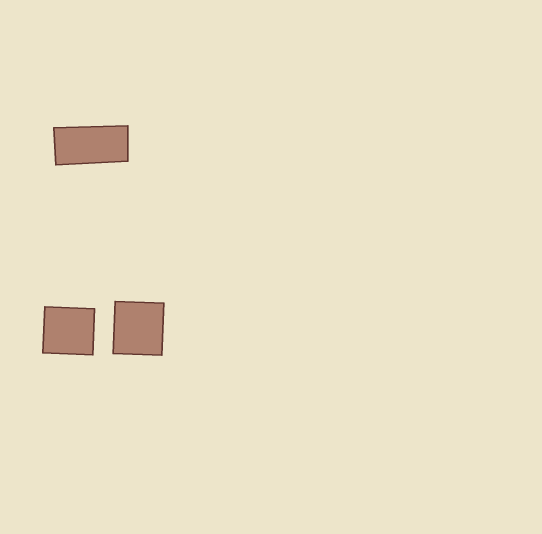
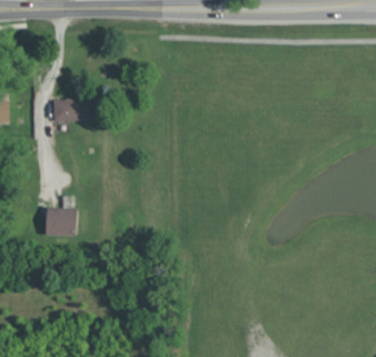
building: [113,301,164,355] -> none

